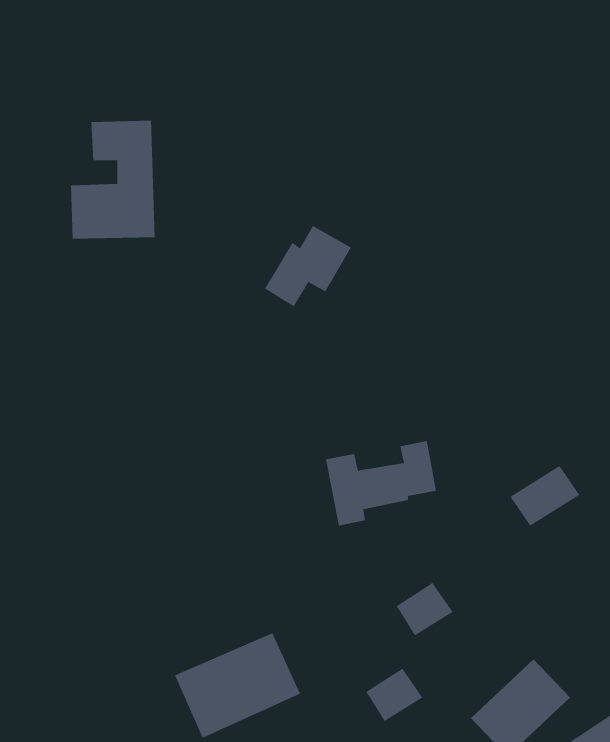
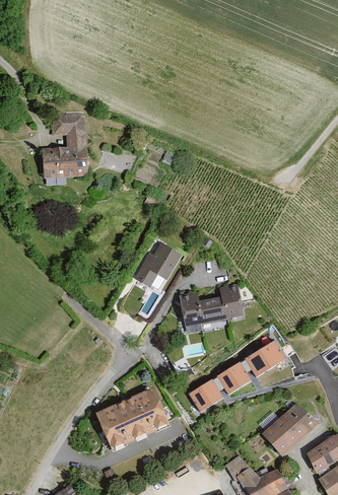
building: [264,225,352,307] -> [132,243,180,288]
building: [509,465,580,527] -> [247,341,285,374]
building: [366,668,423,722] -> [191,380,222,410]

